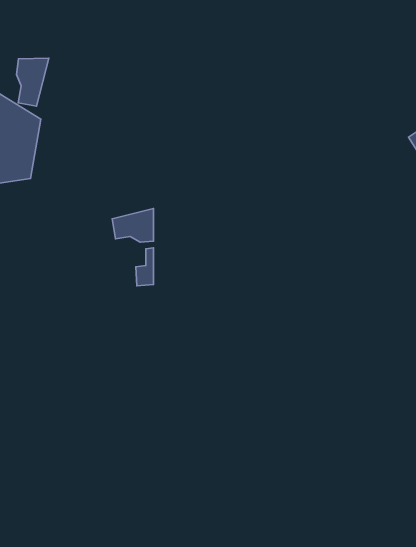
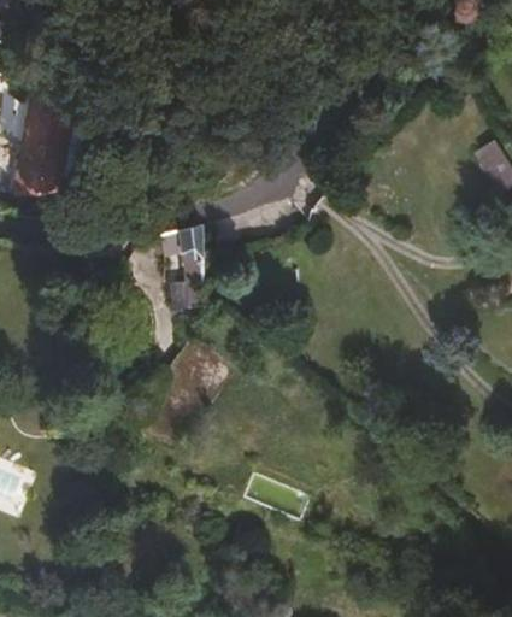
building: [17,58,49,106] -> none

